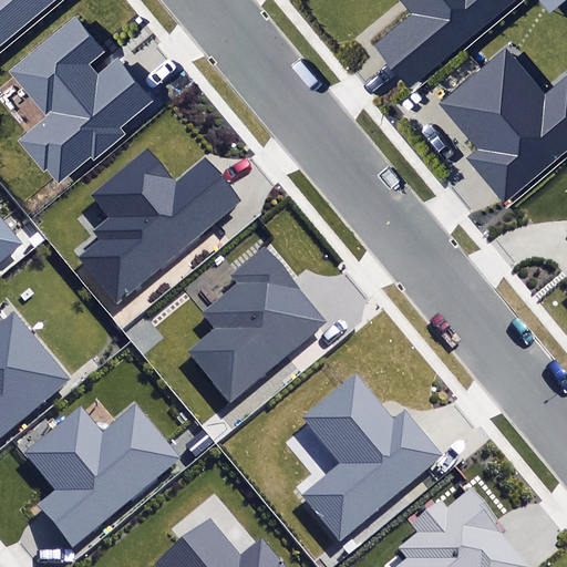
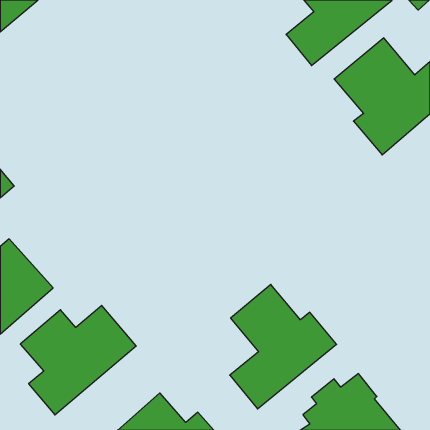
building: [7,18,152,183] -> none
building: [79,148,238,302] -> none
building: [188,251,323,402] -> none

